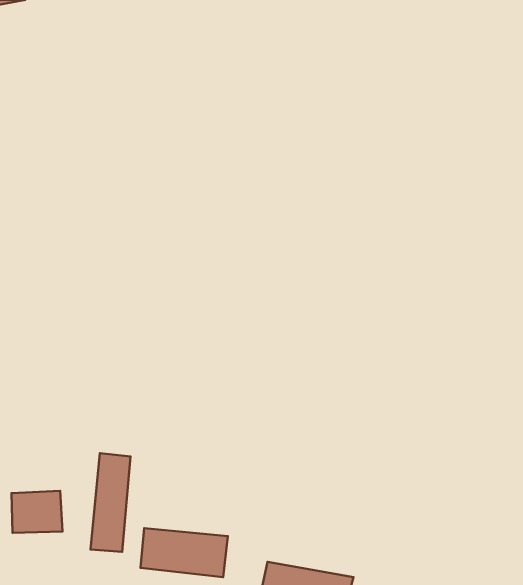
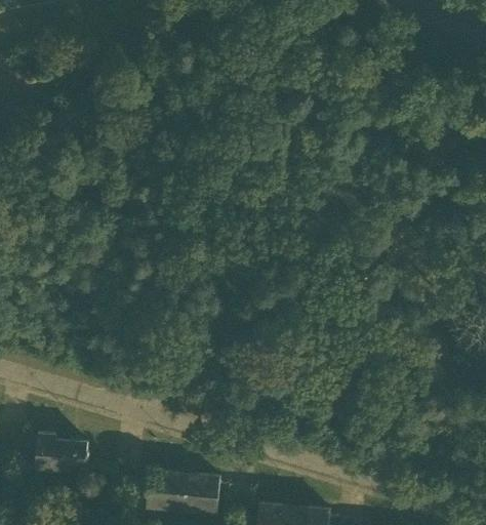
building: [91,453,131,552] -> none

